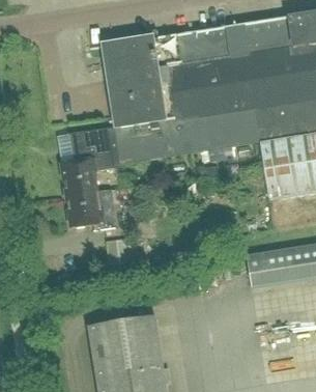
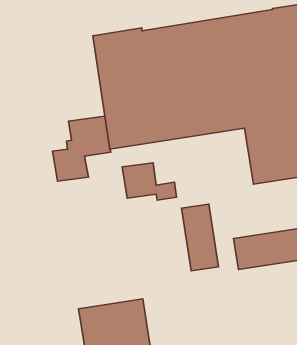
building: [66,190,122,228] -> [122,163,176,200]
building: none -> [181,204,219,271]

